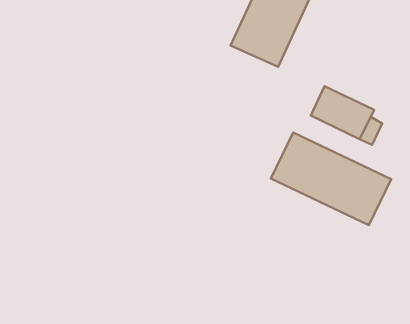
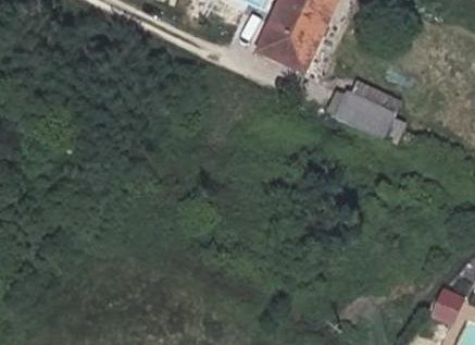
building: [271,133,391,225] -> none

